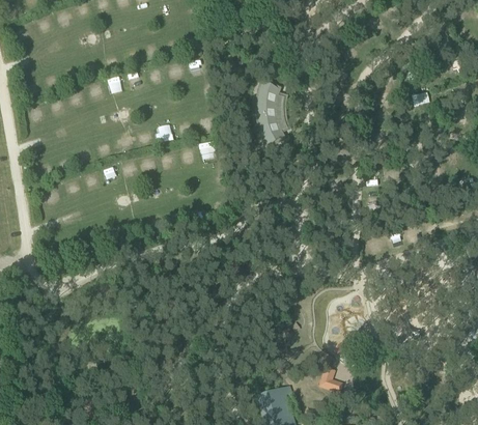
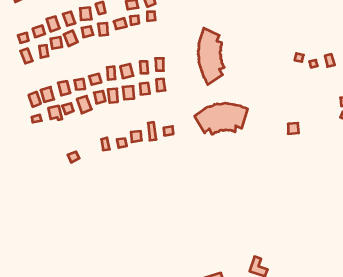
building: none -> [195,103,248,134]

